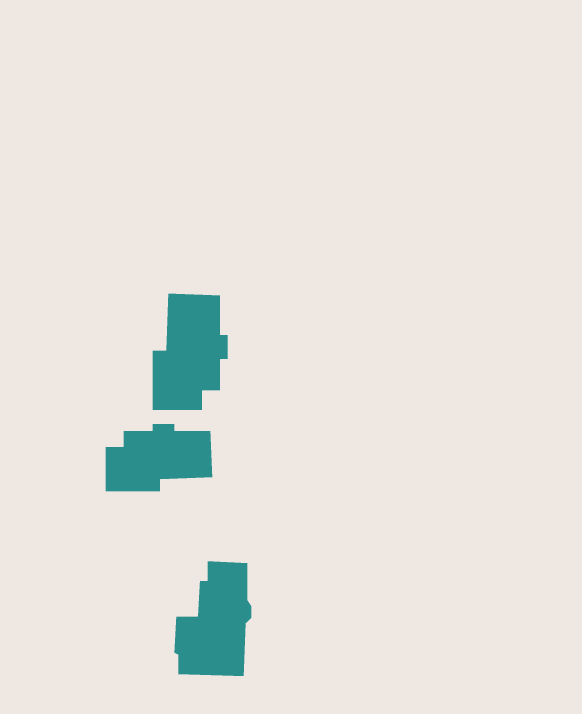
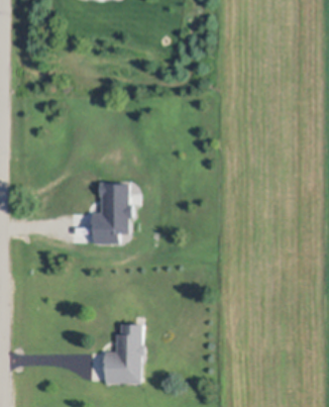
building: [105,423,213,492] -> none

